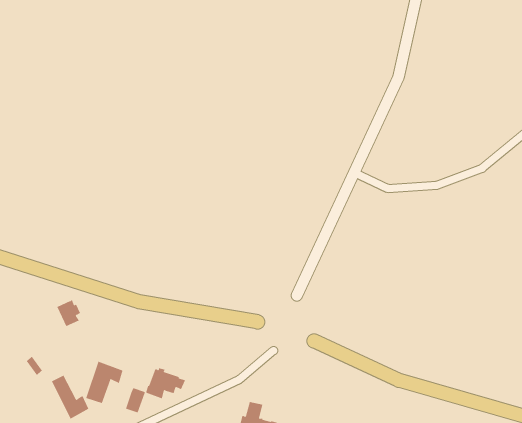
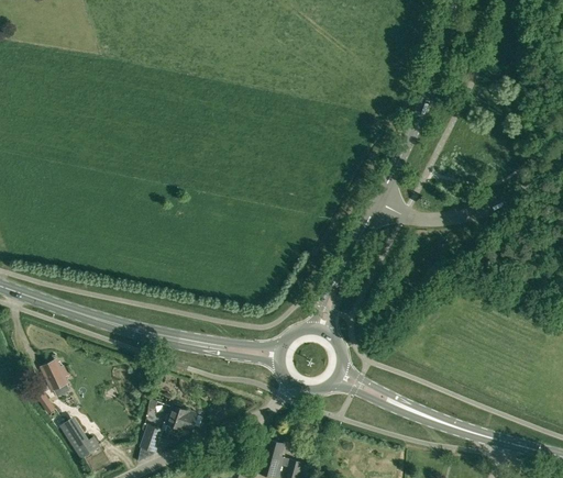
building: [56,299,81,327] -> [42,363,67,391]
building: [86,361,123,404] -> none

